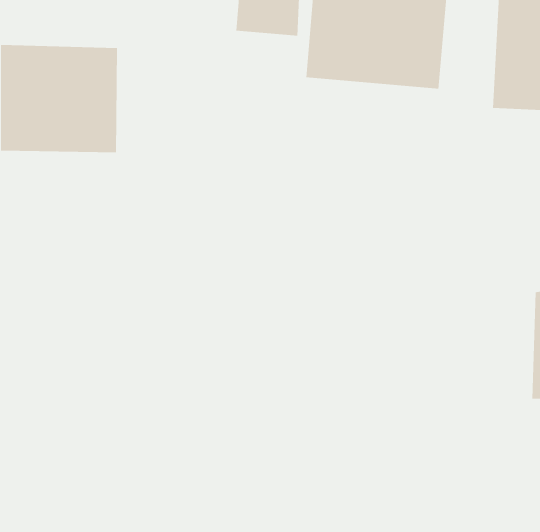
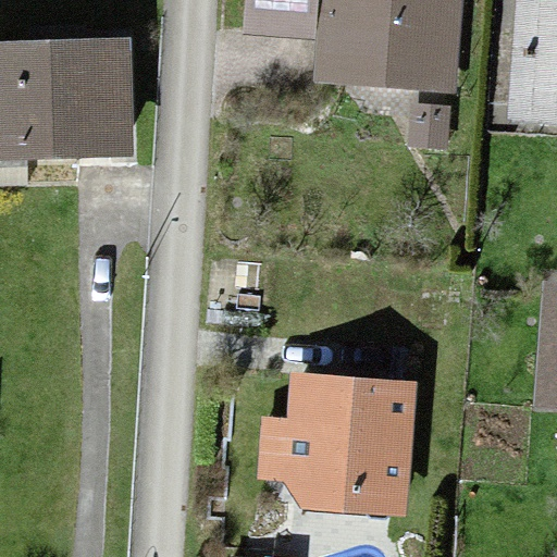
building: none -> [268,382,405,508]

